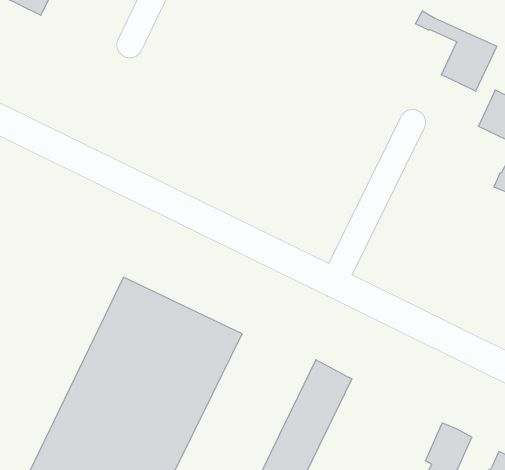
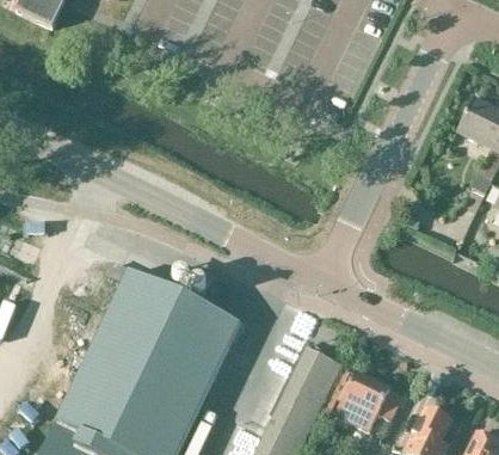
building: [415,11,497,91] -> none
building: none -> [335,371,403,430]

